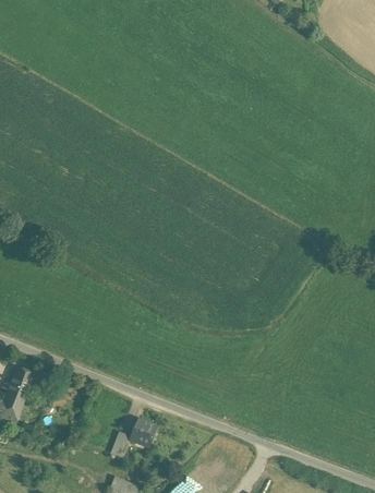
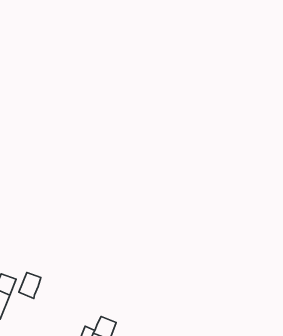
building: none -> [19,272,41,298]

